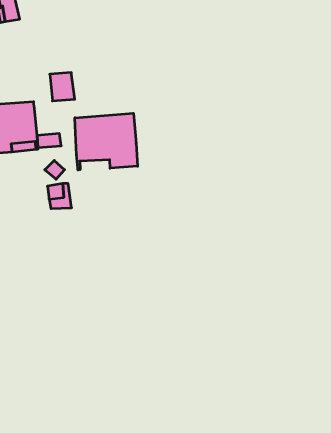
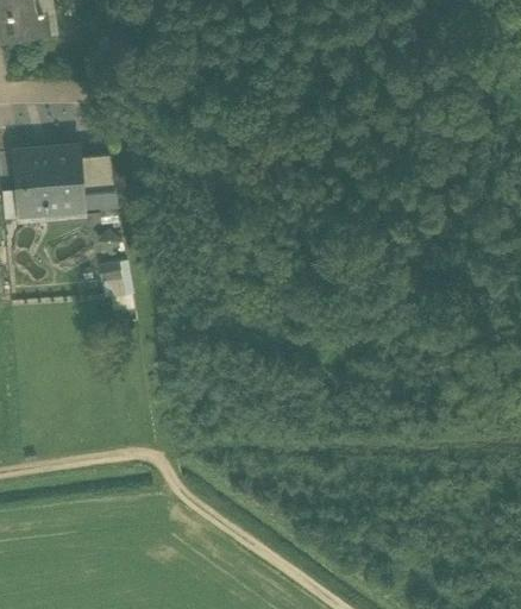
building: [50,73,75,101] -> [79,153,113,193]
building: [75,113,138,170] -> none

